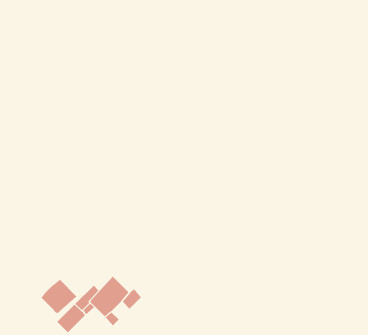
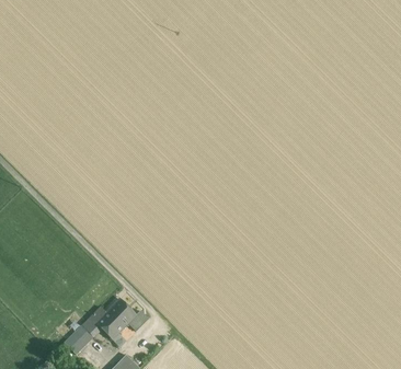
building: [41,279,77,314] -> none

